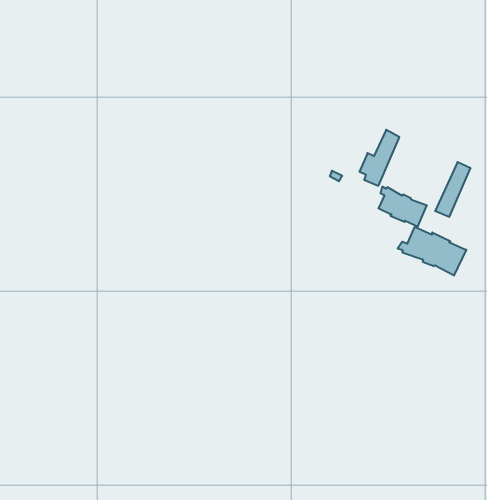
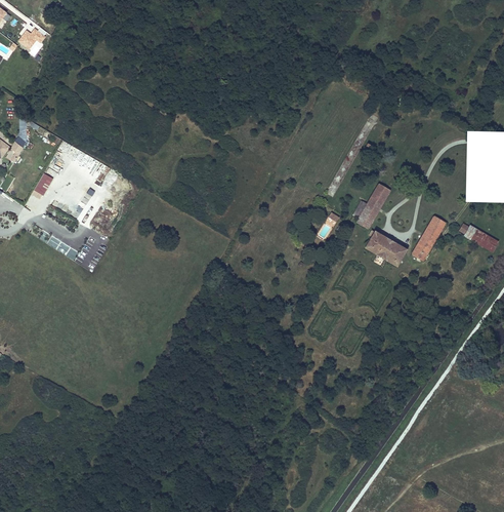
building: [398,227,466,276] -> none

